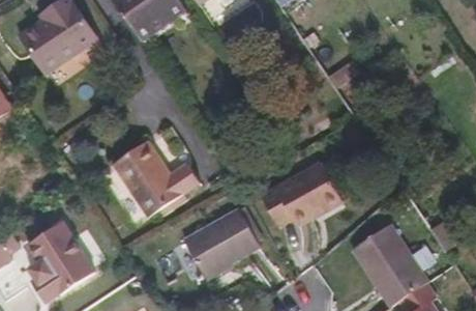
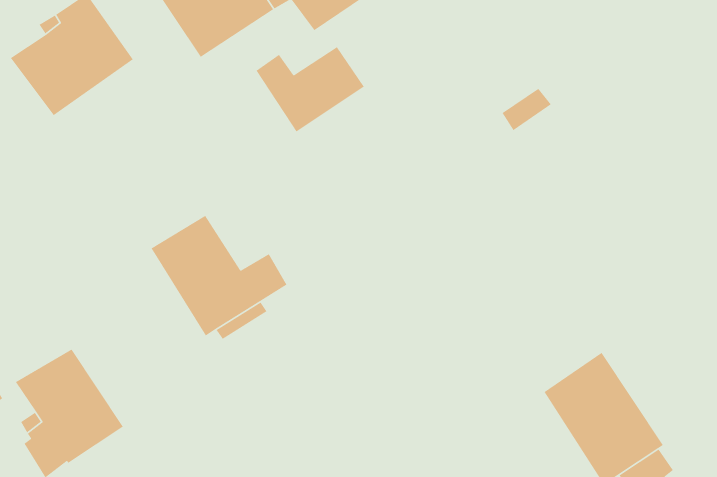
building: none -> [255,46,365,133]
building: [261,162,341,227] -> none
building: [183,207,259,278] -> none

